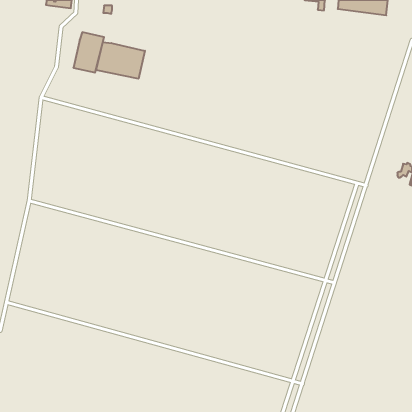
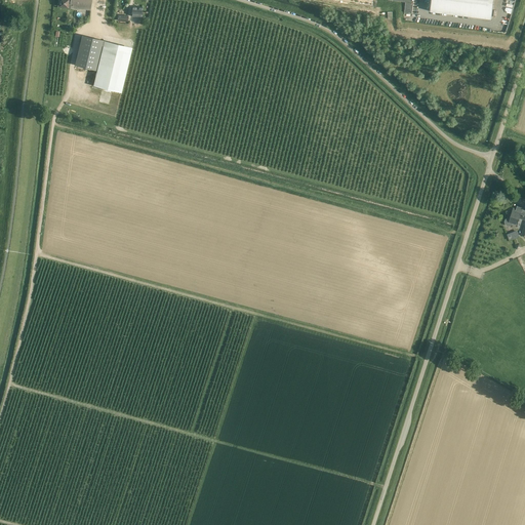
building: none -> [75,35,104,71]
building: [96,42,145,79] -> none

